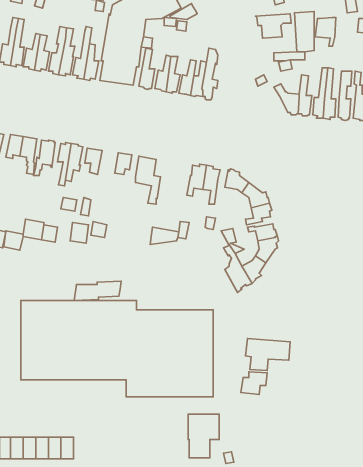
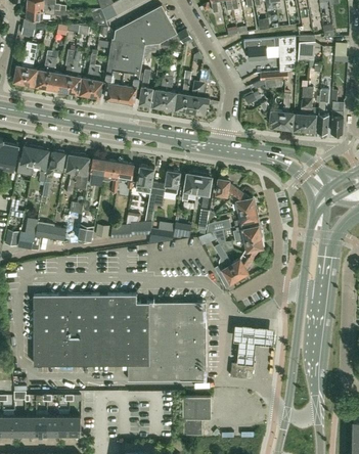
building: none -> [102,162,121,195]
building: none -> [155,172,180,206]
building: [74,281,121,301] -> [110,223,152,240]

